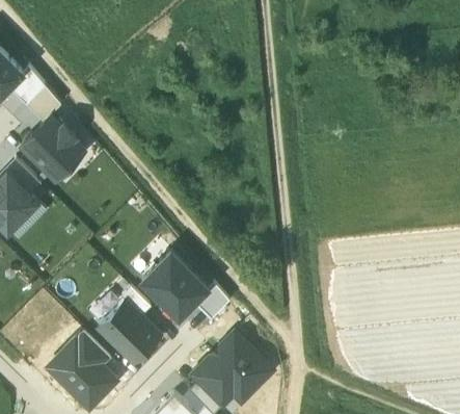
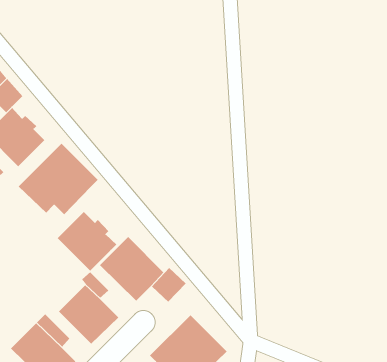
building: none -> [18,143,98,215]
building: none -> [57,211,117,271]

